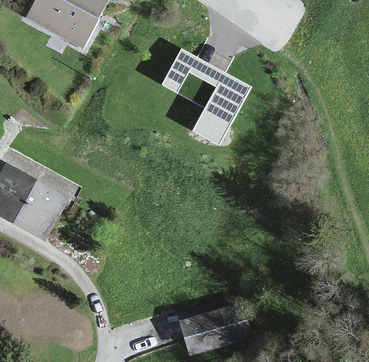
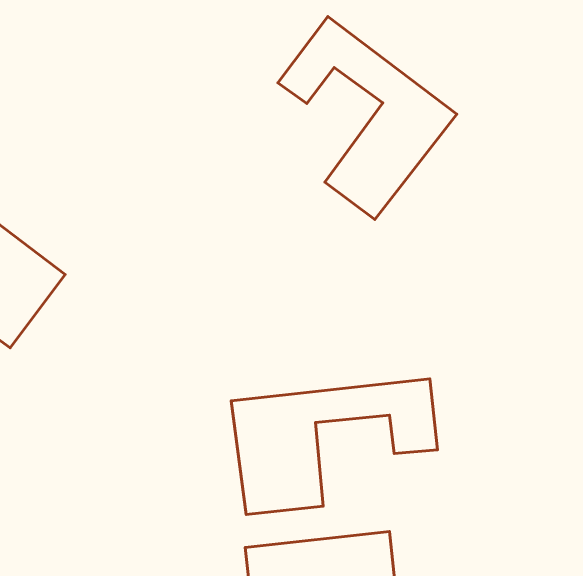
building: none -> [231,379,438,514]

